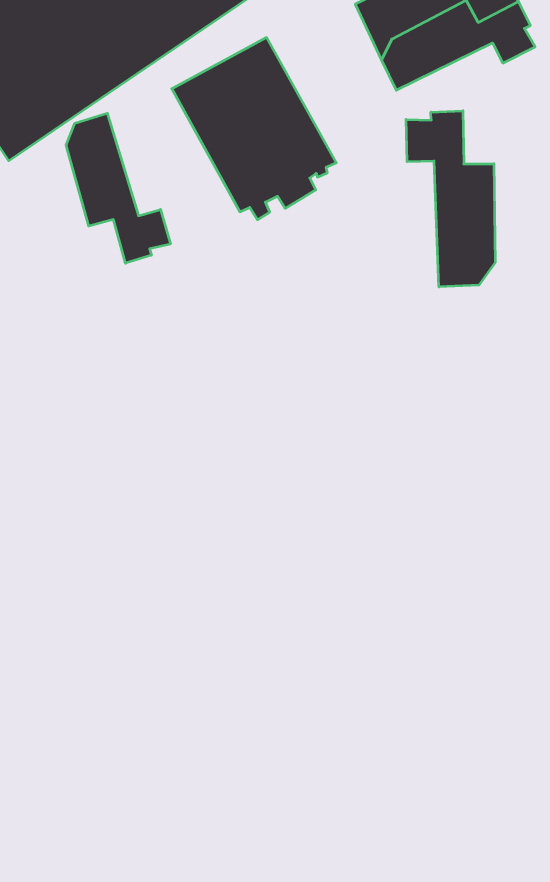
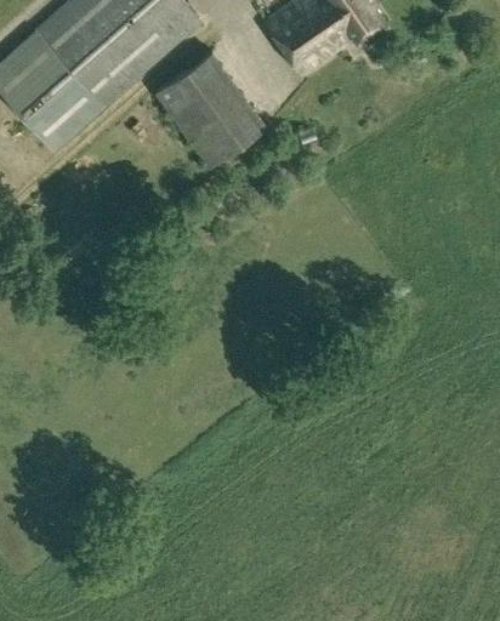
building: [406,111,495,287] -> none
building: [66,113,170,263] -> none

